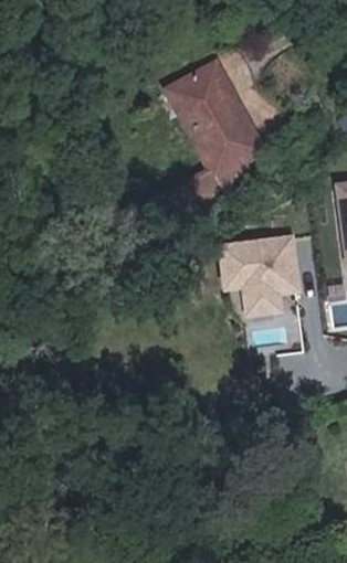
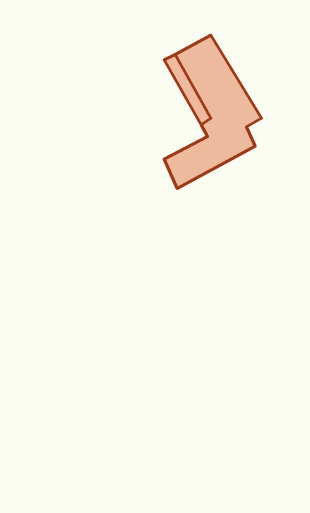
building: [217,234,299,315] -> none

